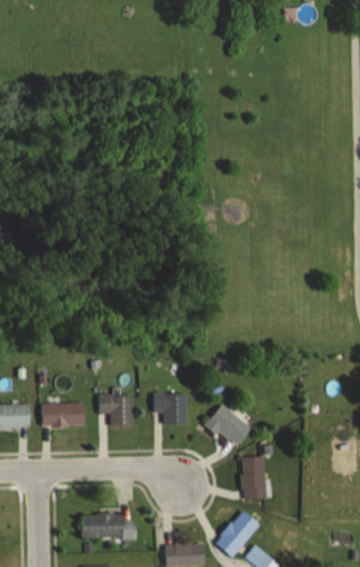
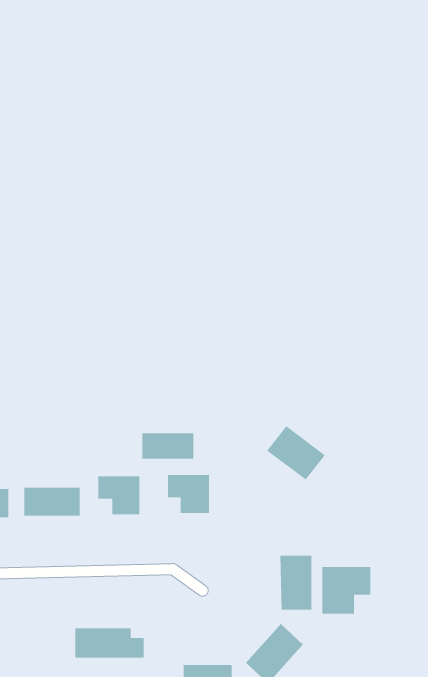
building: none -> [141,432,194,460]
building: [206,405,252,448] -> [266,425,326,481]
building: none -> [322,566,371,615]

